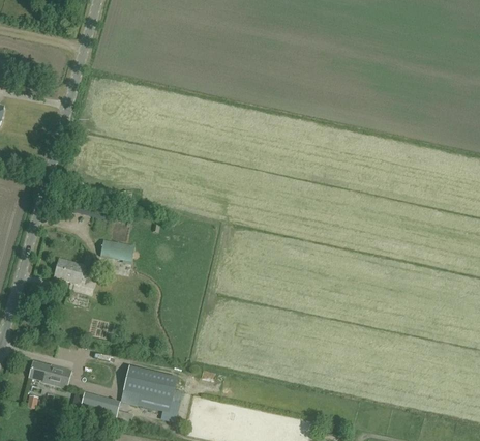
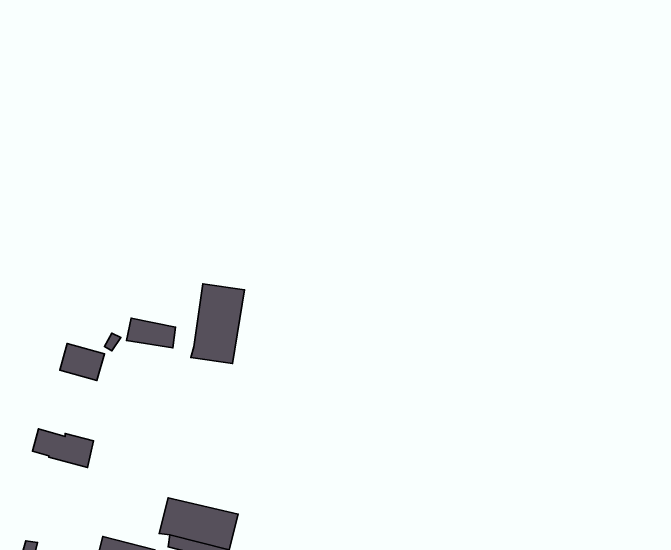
building: none -> [191,284,244,364]
building: [29,361,71,388] -> [33,429,93,468]

